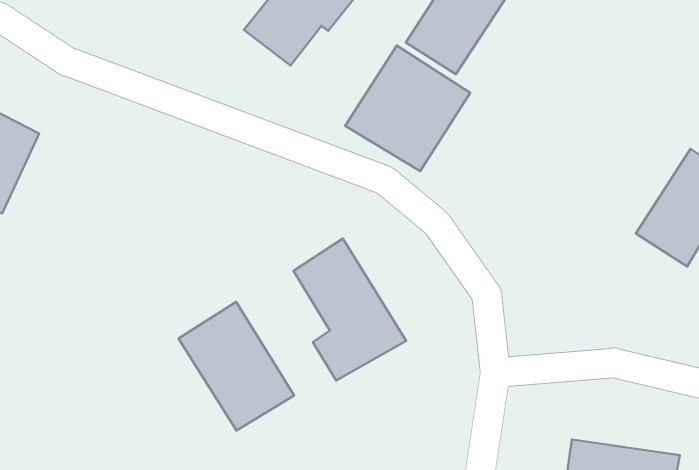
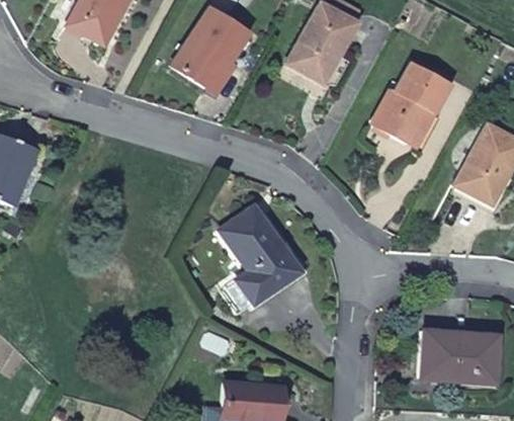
building: [345,45,470,171] -> none
building: none -> [373,64,450,152]
building: [179,302,294,431] -> none

